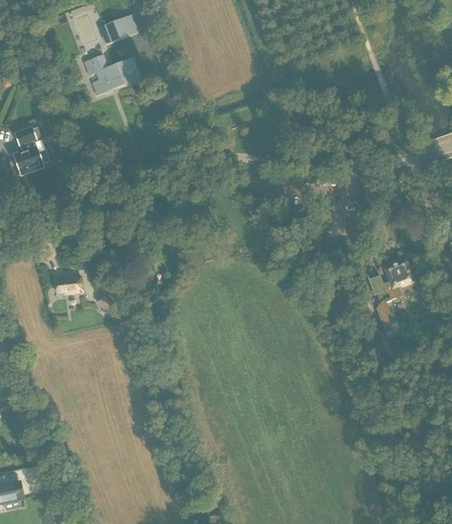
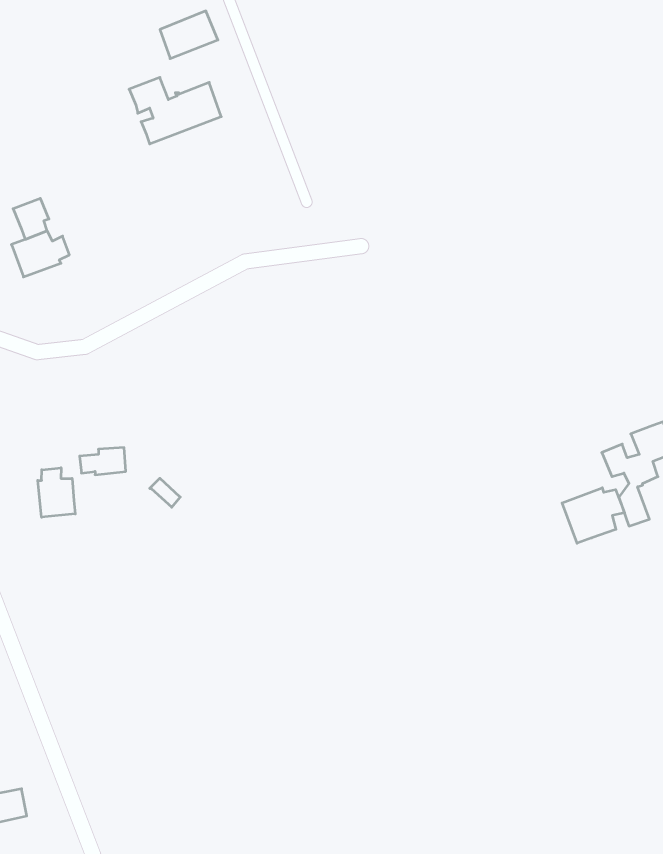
building: none -> [38,468,75,517]
building: none -> [562,488,624,543]

